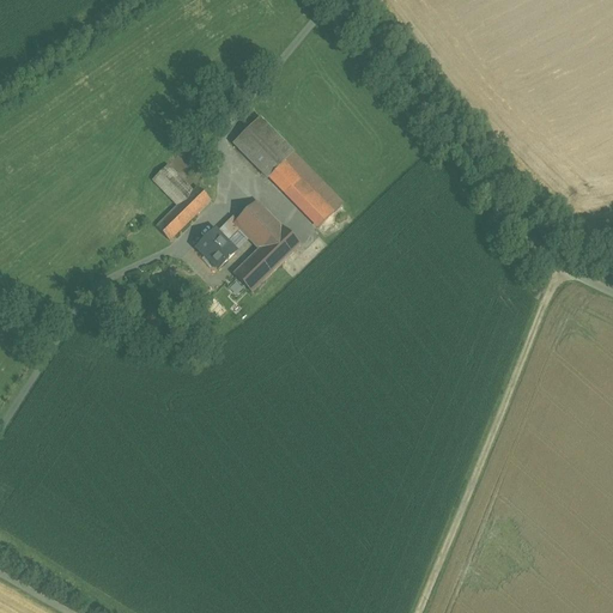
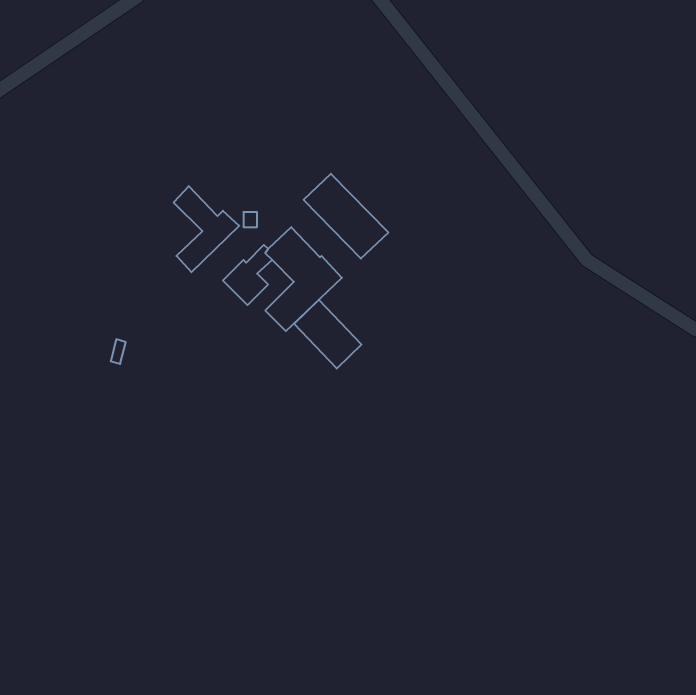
building: [232,115,292,176] -> none
building: none -> [294,300,361,369]

